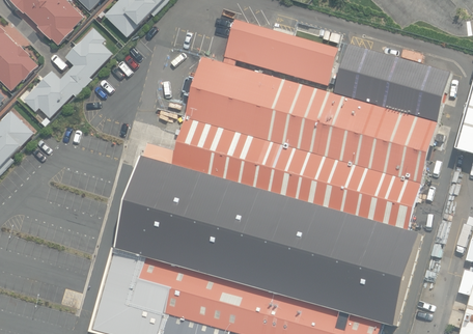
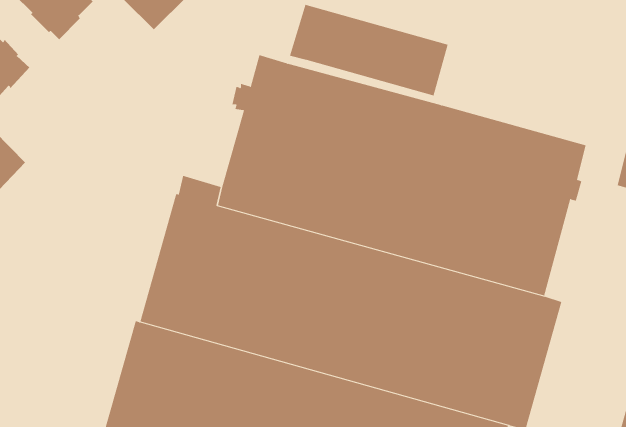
building: [22,26,111,117] -> none
building: [333,41,451,119] -> none

